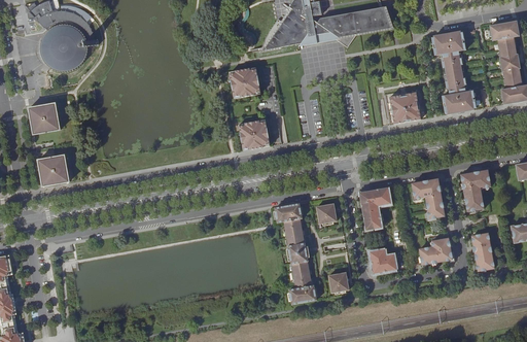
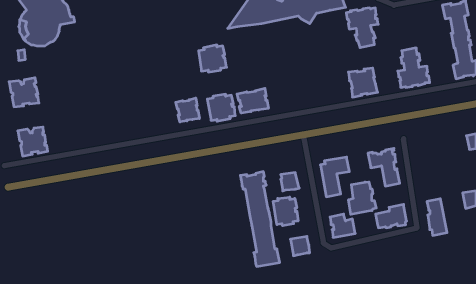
building: [431,32,465,74] -> [346,8,378,48]
building: none -> [237,88,268,113]
building: none -> [176,98,199,122]
building: [460,170,490,211] -> none
building: none -> [349,182,376,214]
building: none -> [273,197,298,226]

